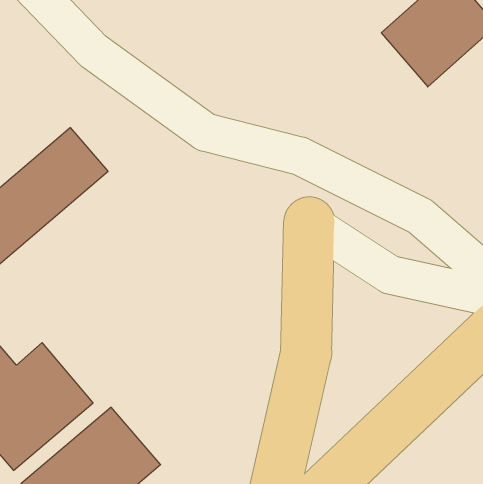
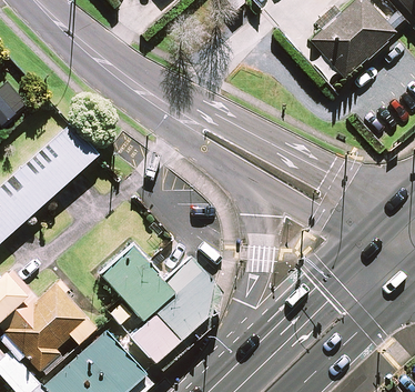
building: none -> [103,249,214,364]

